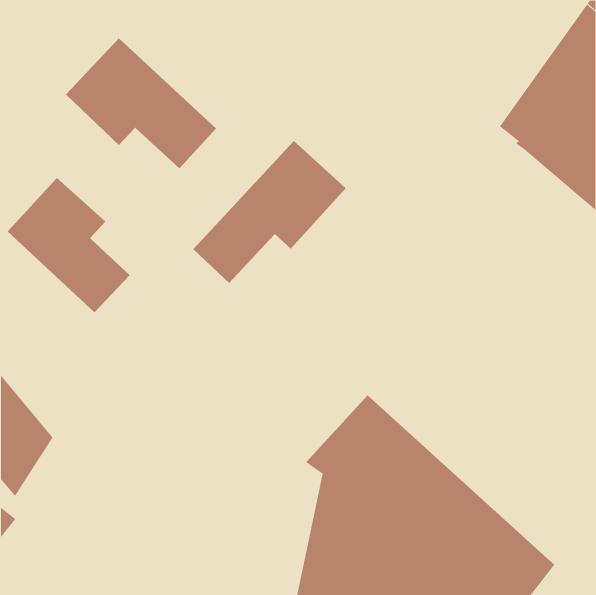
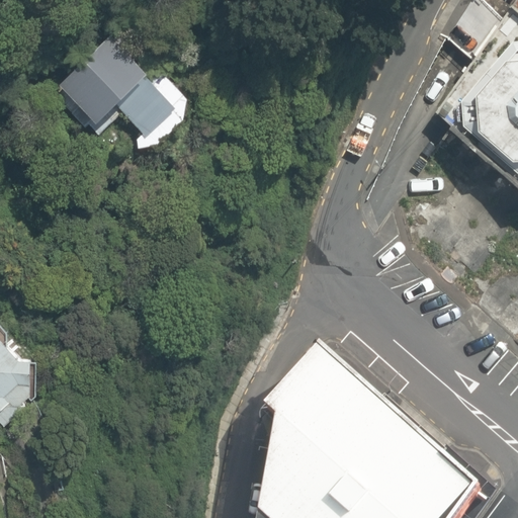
building: [193,140,346,284] -> none
building: [7,177,130,313] -> none

